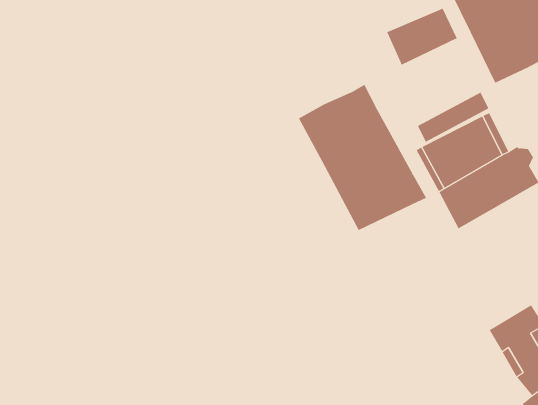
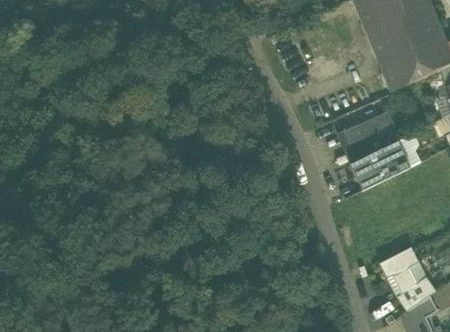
building: [387,8,458,66] -> none
building: [298,84,427,231] -> none

